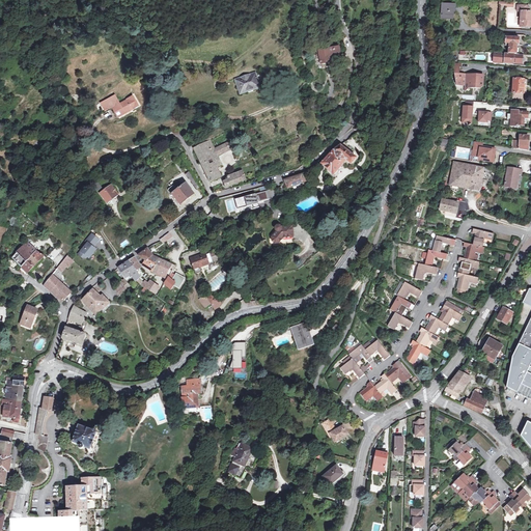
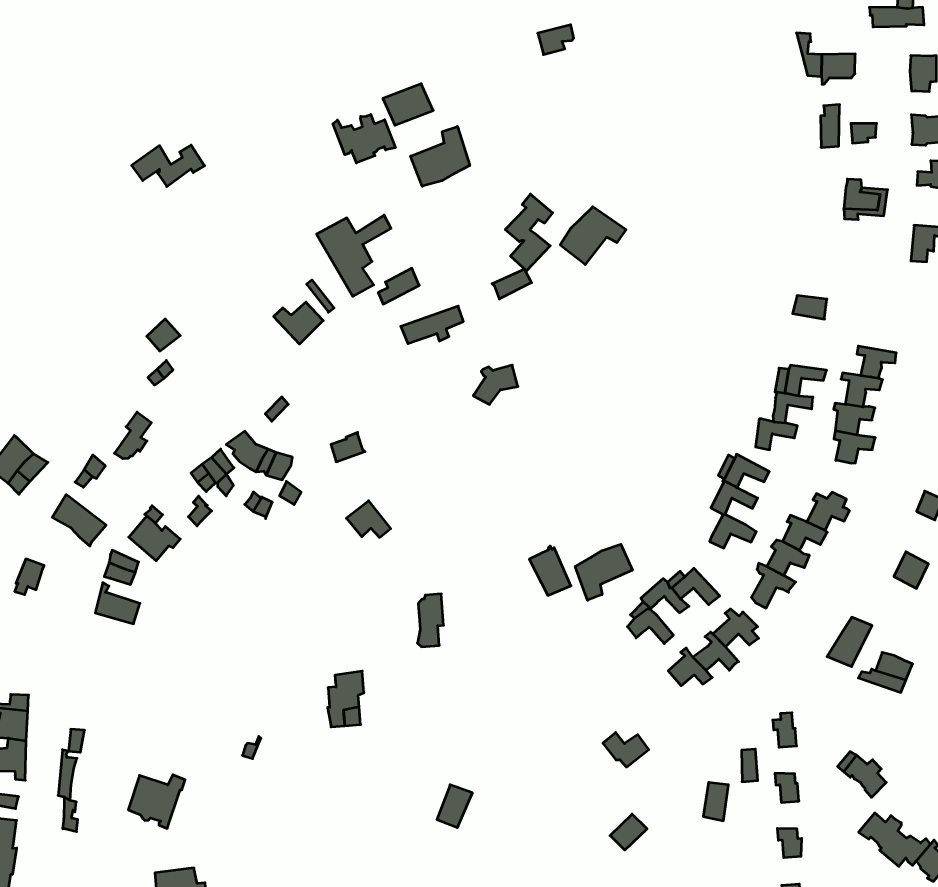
building: none -> [333,114,395,163]
building: none -> [411,126,470,186]
building: none -> [505,194,553,271]
building: [450,161,483,190] -> none
building: none -> [575,544,632,600]

